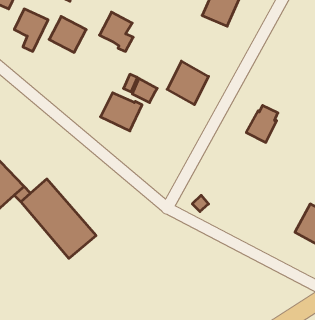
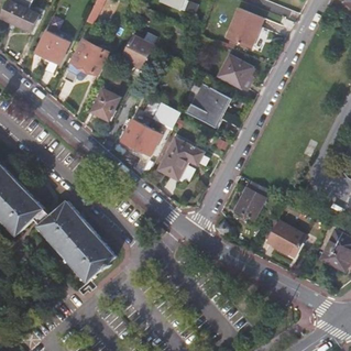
building: none -> [218,57,253,91]
building: none -> [90,90,118,121]
building: [246,105,278,142] -> [234,182,266,219]
building: none -> [160,139,202,179]
building: none -> [266,221,305,257]

